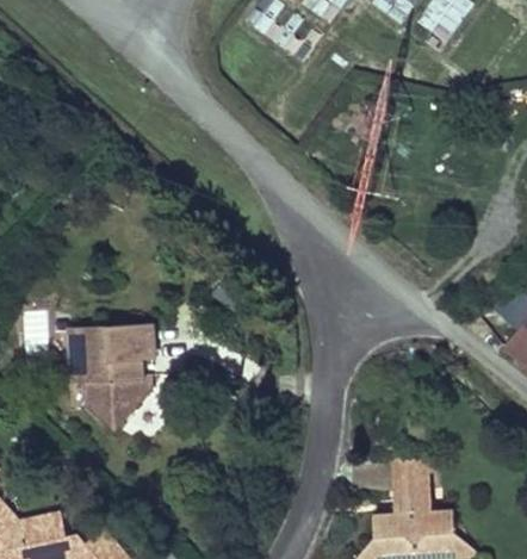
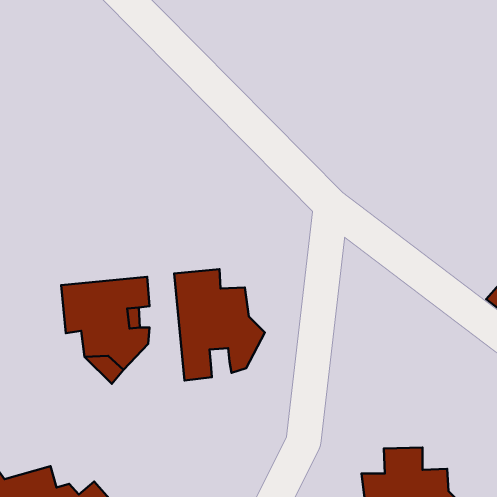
building: none -> [174,269,265,381]
building: [393,460,433,495] -> none

